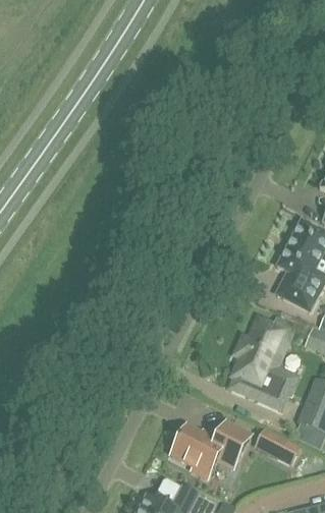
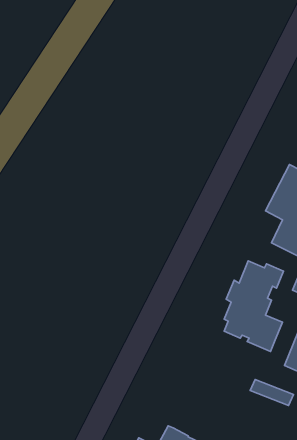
building: [171,418,253,477] -> none

